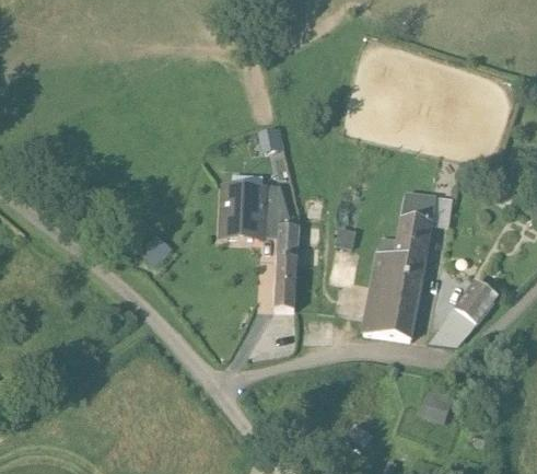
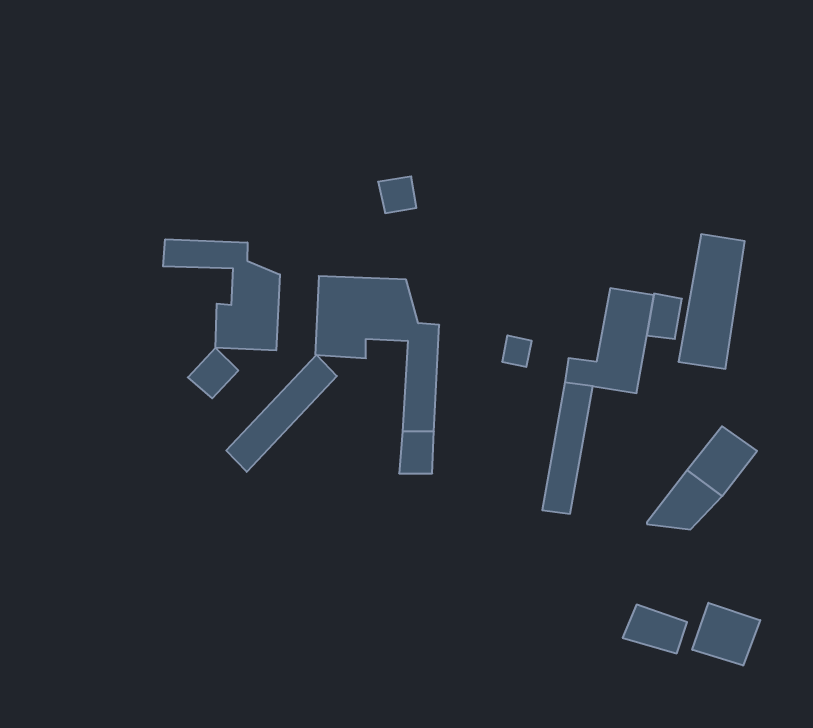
building: none -> [163,239,280,350]
building: none -> [226,355,337,472]
building: [381,255,422,339] -> [678,234,745,369]
building: none -> [692,603,760,666]

